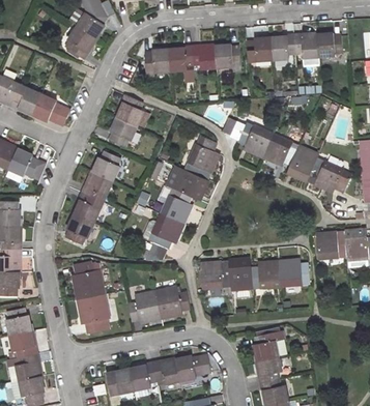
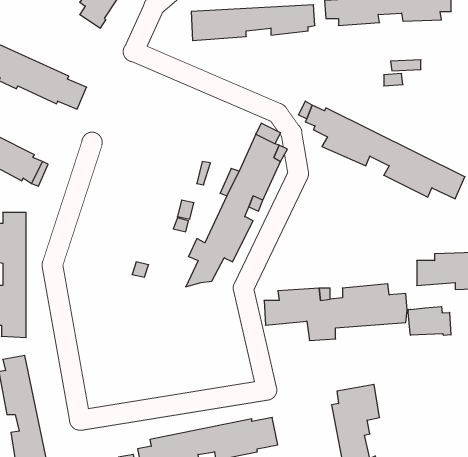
building: [111,94,152,148] -> none
building: [66,148,123,241] -> none
building: [72,262,109,331] -> none
building: none -> [408,307,451,335]
building: [126,286,187,325] -> none

